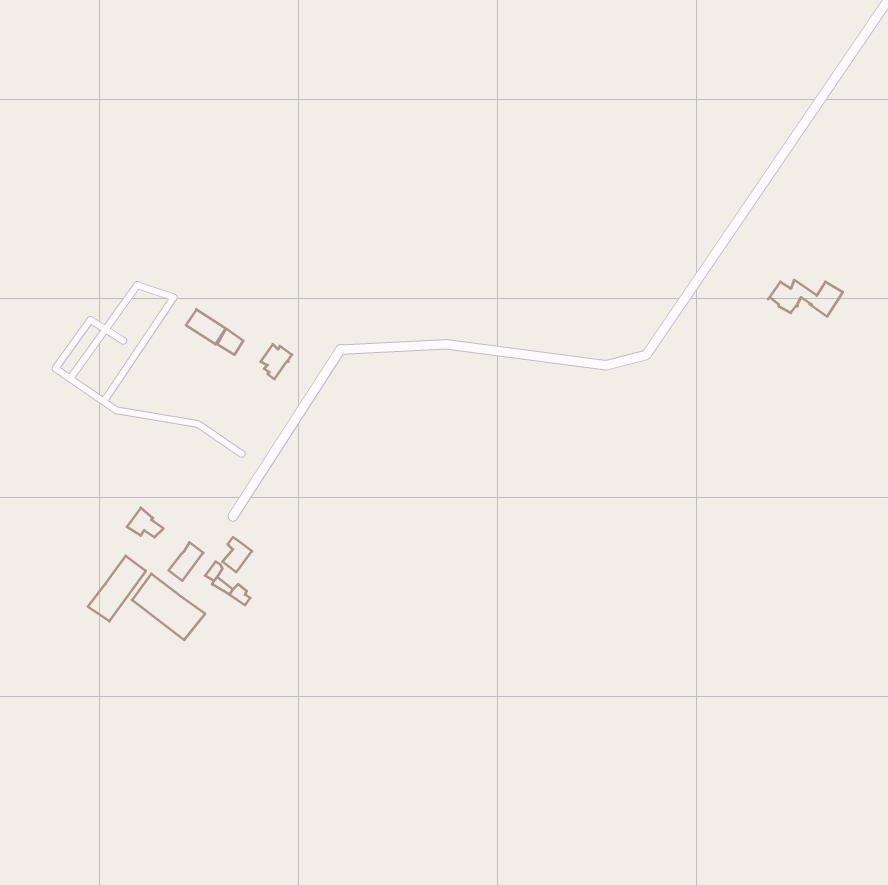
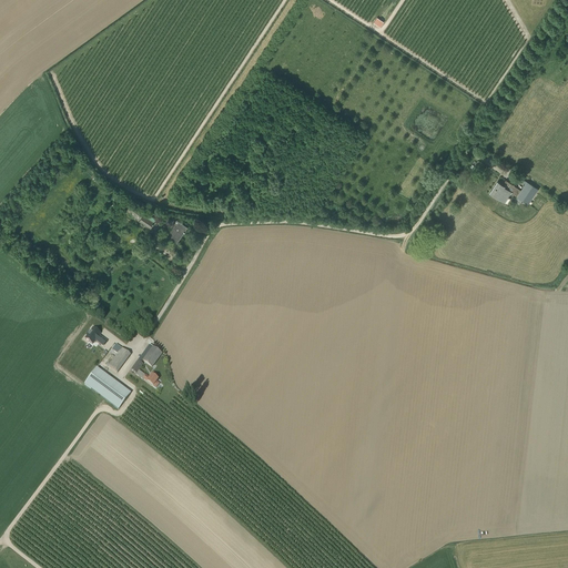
building: [88,556,146,621] -> none

